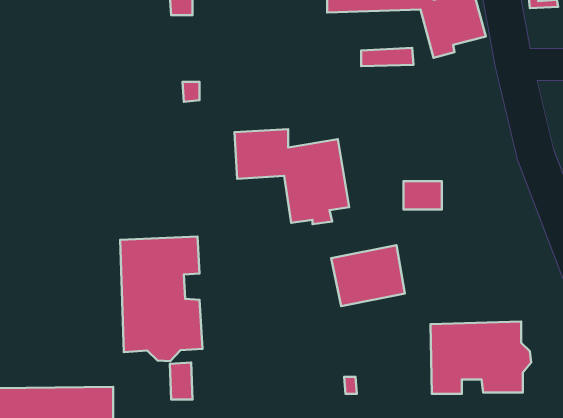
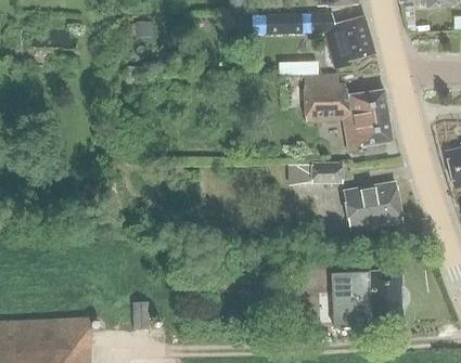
building: [234,129,349,224] -> [304,81,392,154]
building: [120,237,202,361] -> none
building: [331,245,405,306] -> [344,181,400,228]

